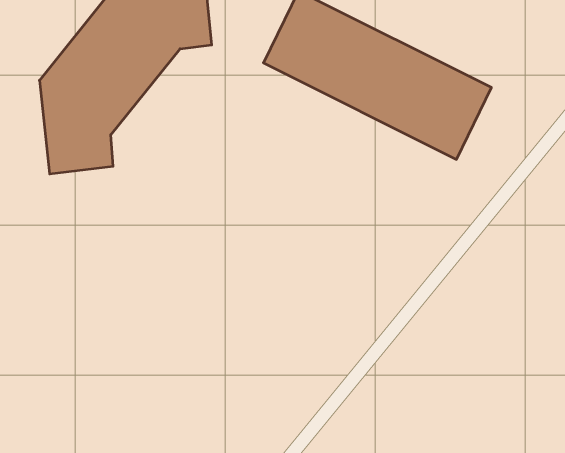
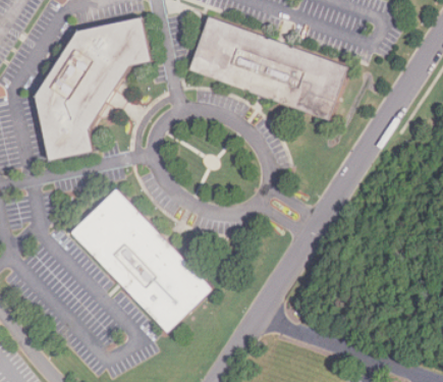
building: none -> [69,188,211,332]

